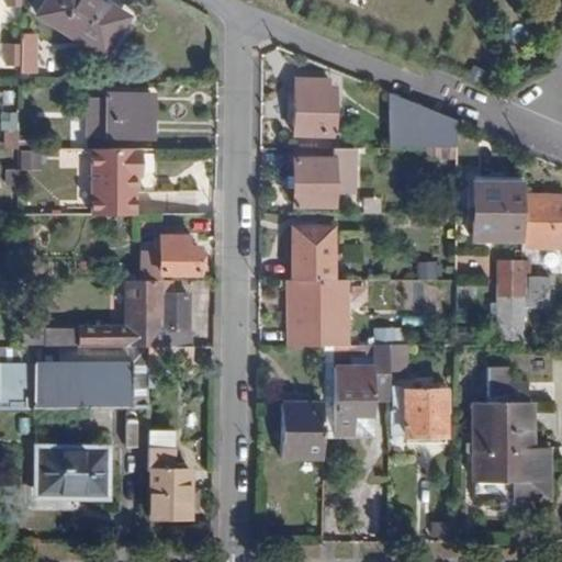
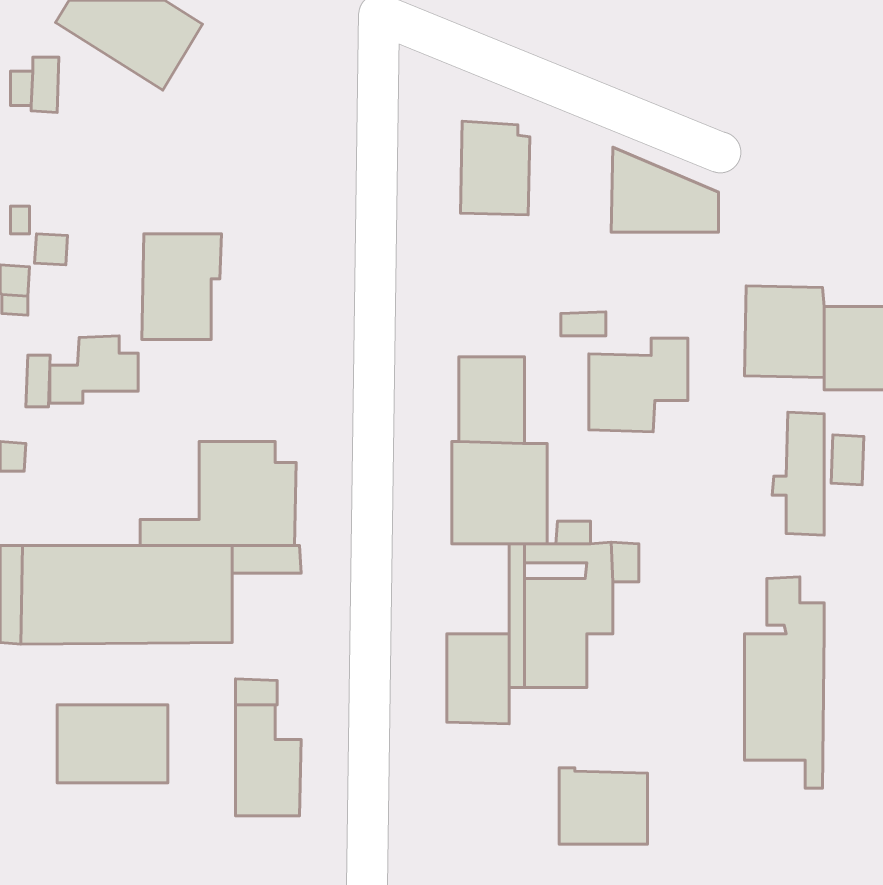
building: [89,91,154,137] -> none
building: [293,147,356,206] -> [589,338,688,432]
building: [143,237,199,280] -> [50,336,138,403]
building: [522,382,548,499] -> none
building: [392,386,448,435] -> [559,768,648,844]

